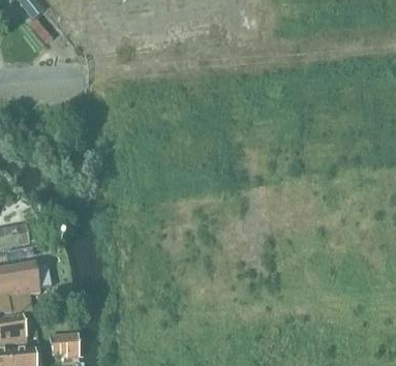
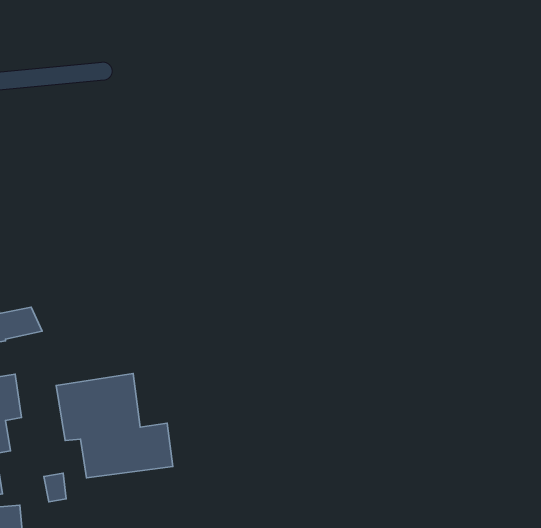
building: none -> [56,374,173,478]

